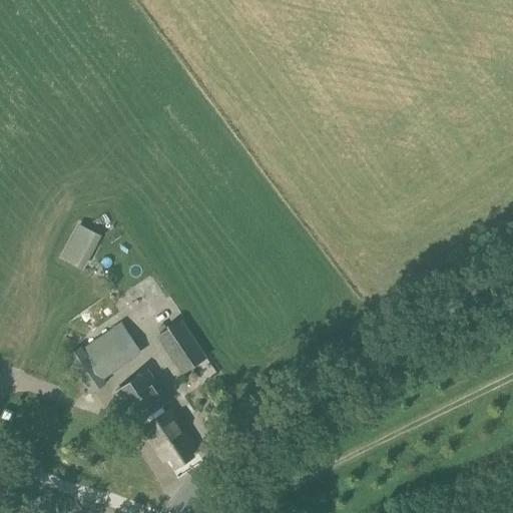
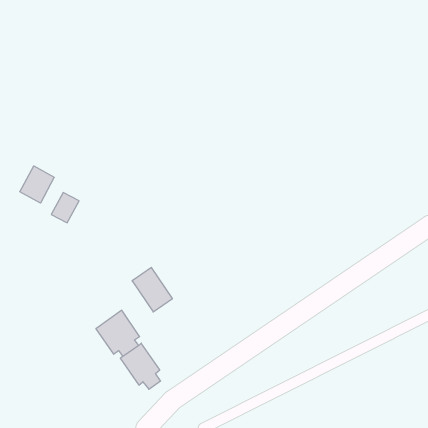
building: none -> [20,166,54,203]
building: [70,323,138,391] -> none

